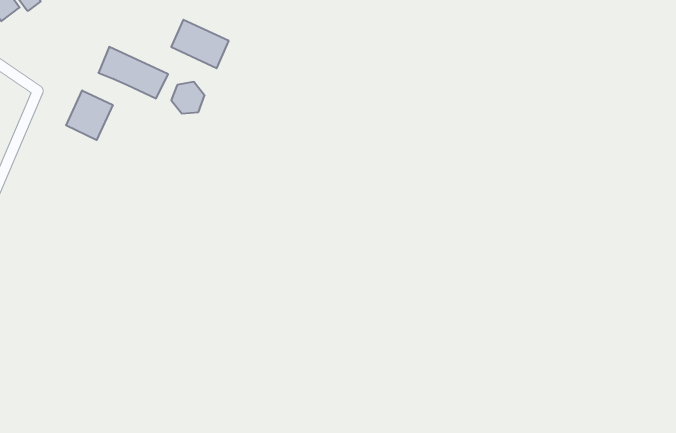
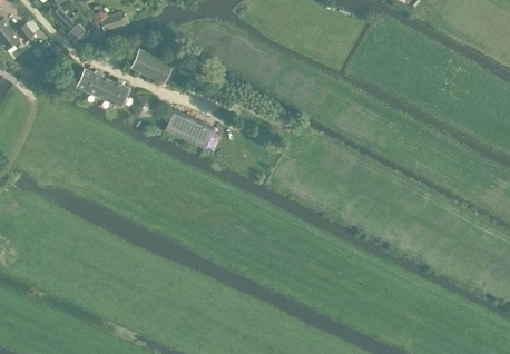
building: [66,90,113,140] -> none
building: none -> [165,112,212,147]

